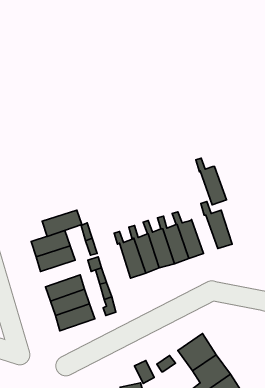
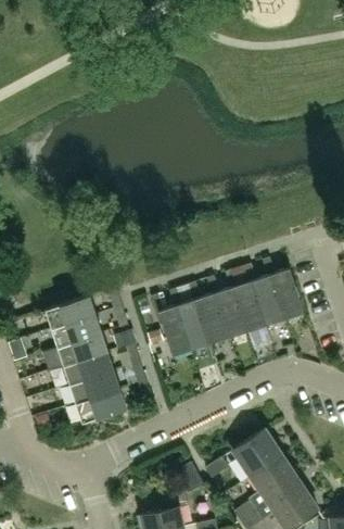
building: [196,158,227,205] -> [243,266,282,326]
building: [42,210,82,236] -> [55,335,106,368]

